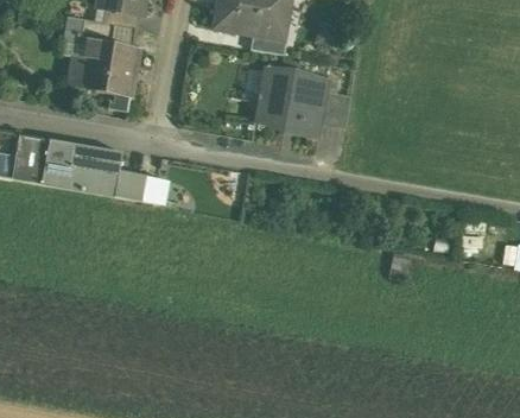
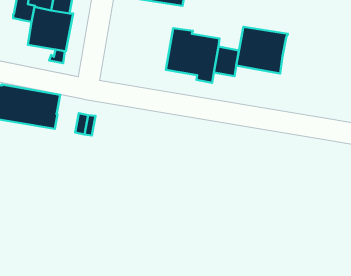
building: none -> [236,27,288,73]
building: [115,170,146,200] -> none

